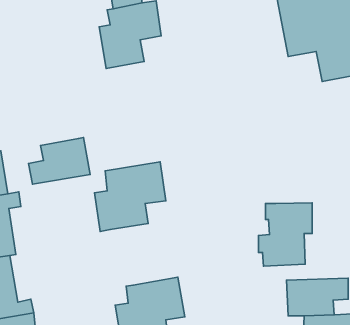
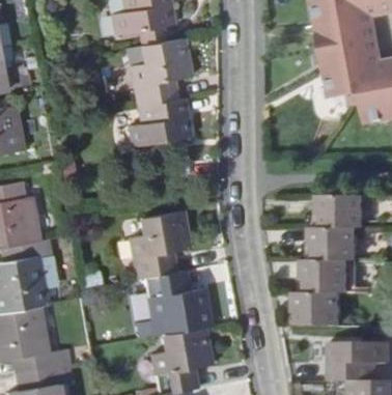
building: [29,138,90,184] -> [122,104,187,152]
building: none -> [307,187,363,253]
building: none -> [139,272,217,338]

